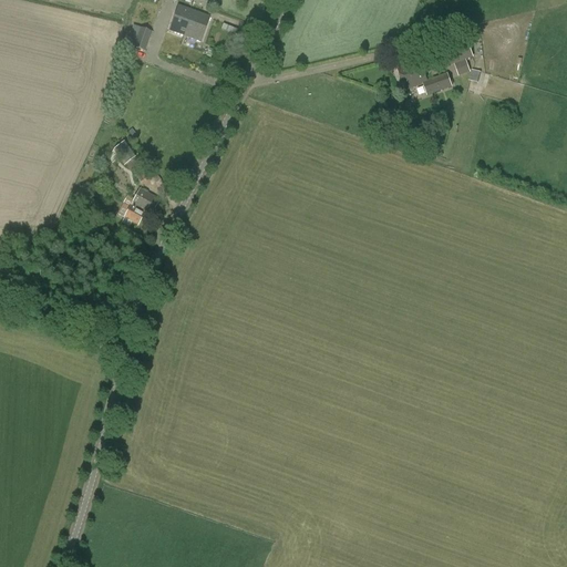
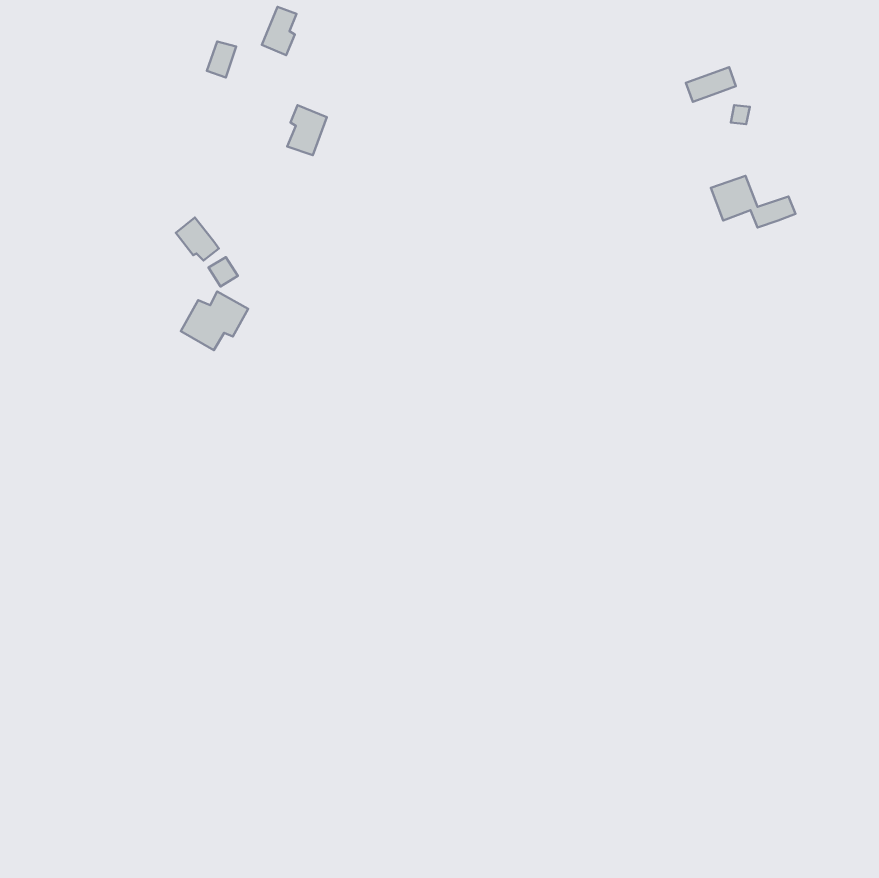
building: [185,9,210,41] -> [287,105,327,155]
building: [399,60,453,93] -> [711,176,795,227]

